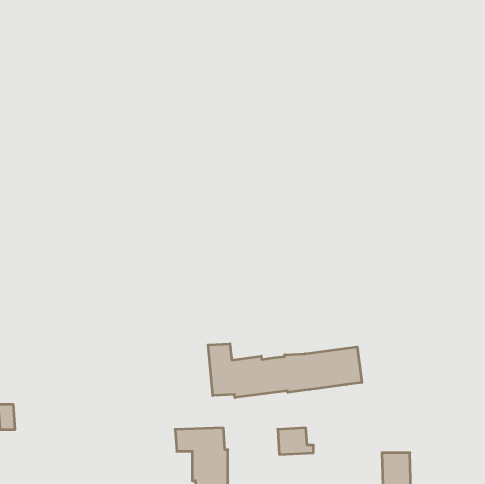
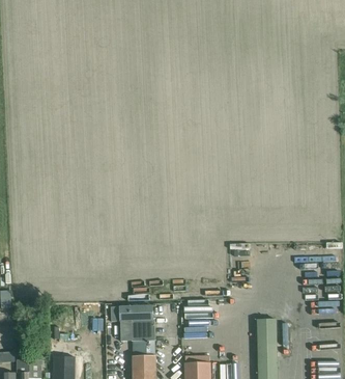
building: [208,344,362,398] -> none

